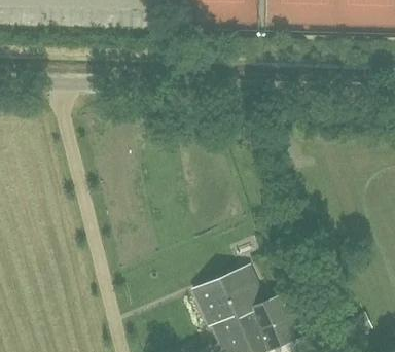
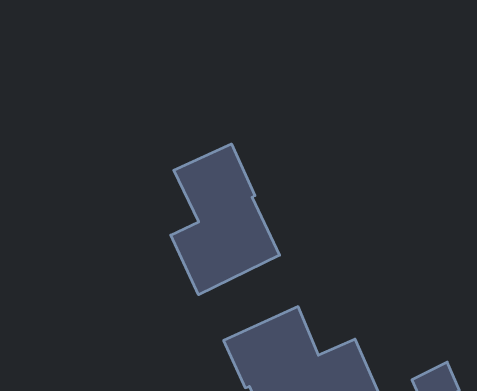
building: none -> [171,144,280,295]

